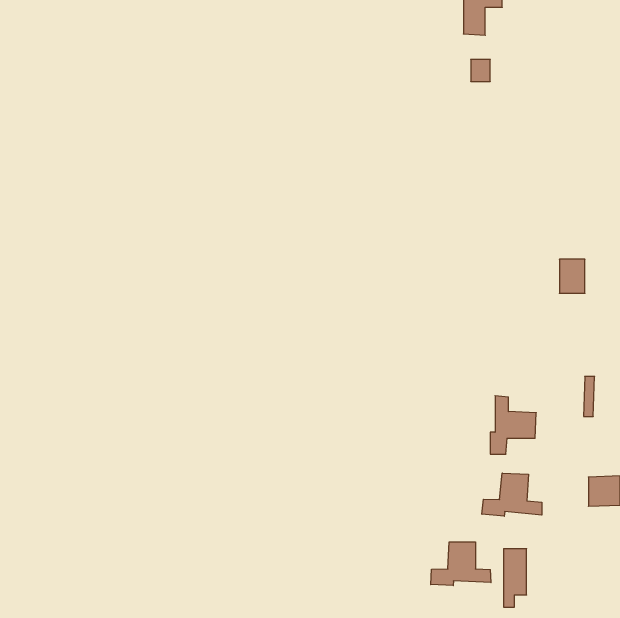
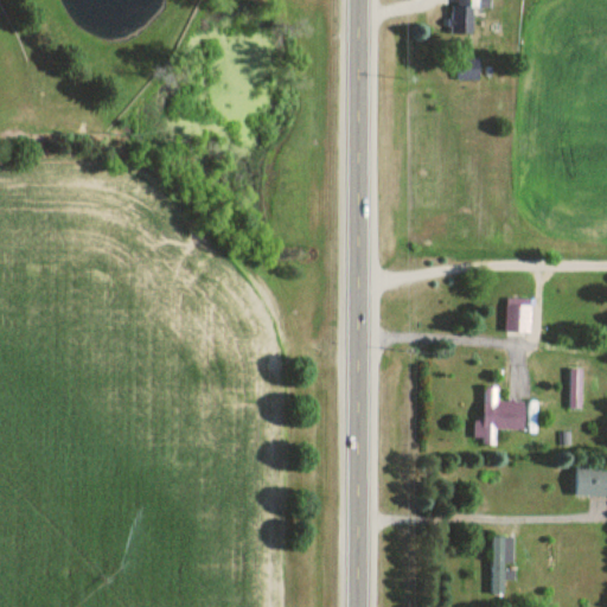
building: [559,259,585,293] -> [506,298,531,331]
building: [482,473,542,516] -> none
building: [431,542,491,586] -> none

